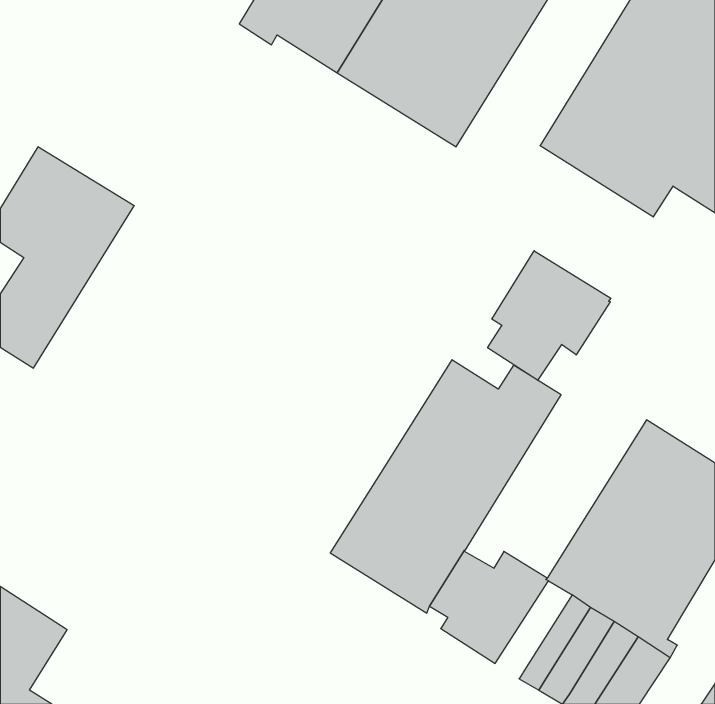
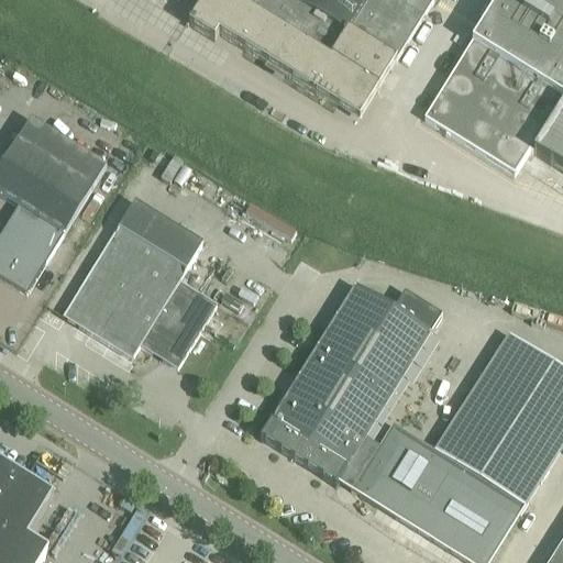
building: [488,251,611,381] -> none
building: none -> [64,198,216,364]
building: none -> [389,456,450,533]

